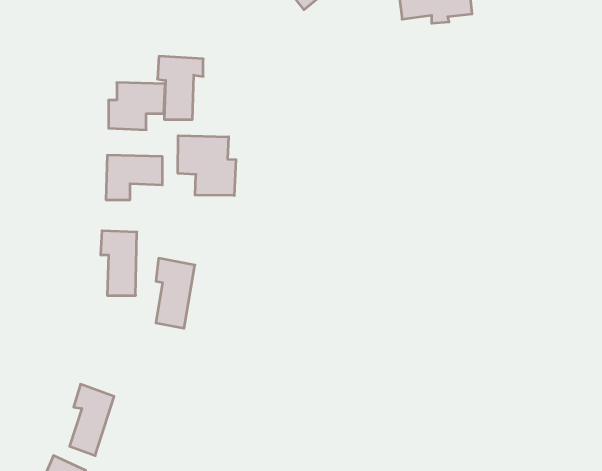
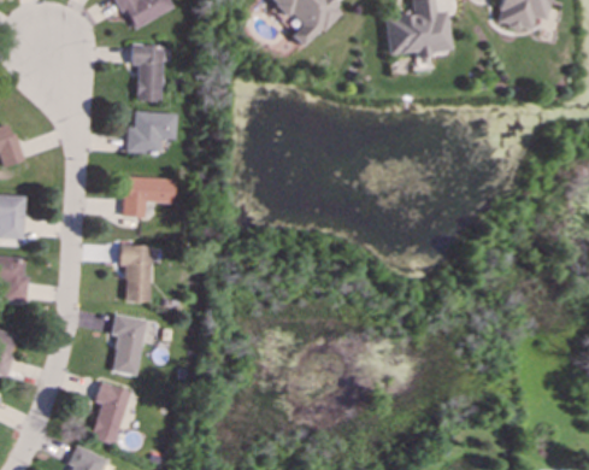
building: [157,56,203,119] -> [130,43,171,100]
building: [178,136,236,196] -> none
building: [156,258,195,328] -> [112,313,147,376]

